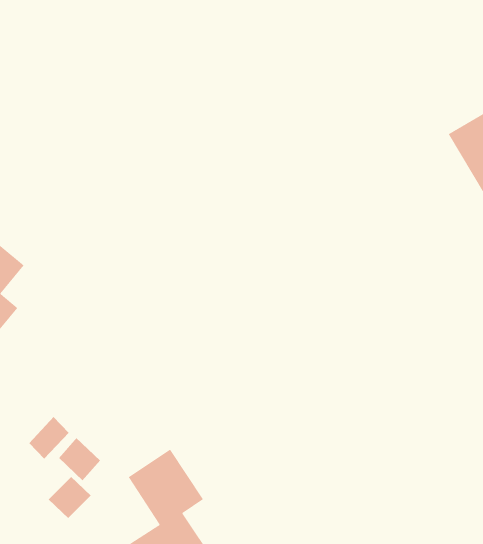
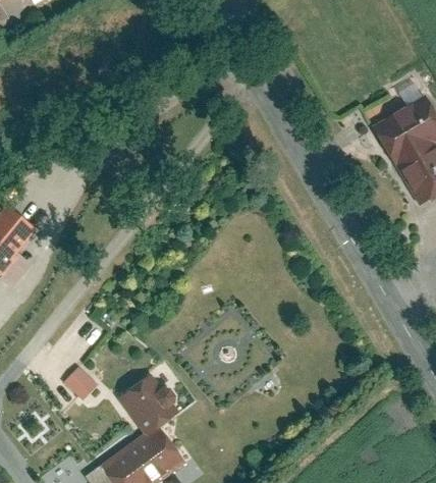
building: [28,416,69,460] -> none
building: [48,476,92,519] -> none

